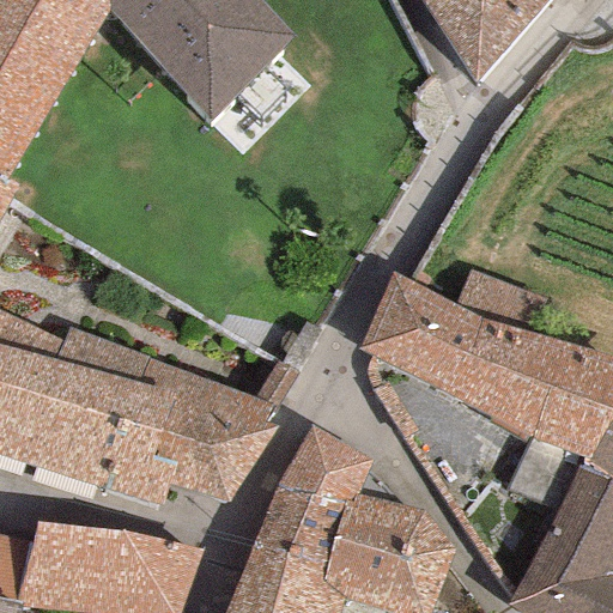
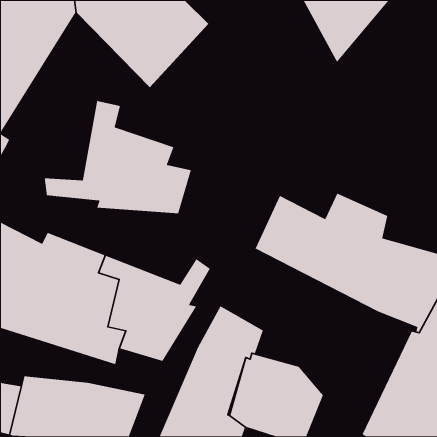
building: none -> [44,100,192,214]

